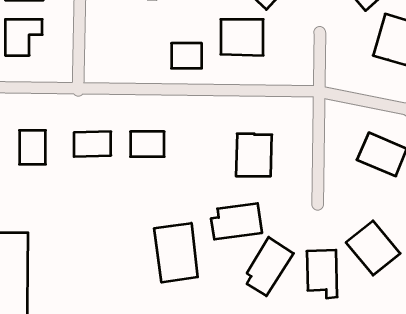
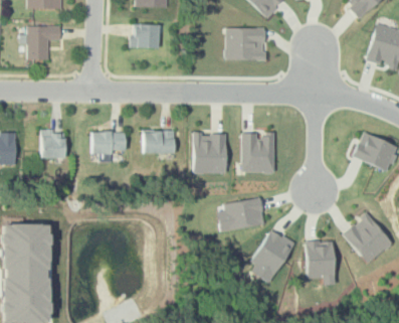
building: [171,43,202,68] -> [132,25,160,48]
building: none -> [193,133,225,173]
building: [154,223,198,282] -> none

